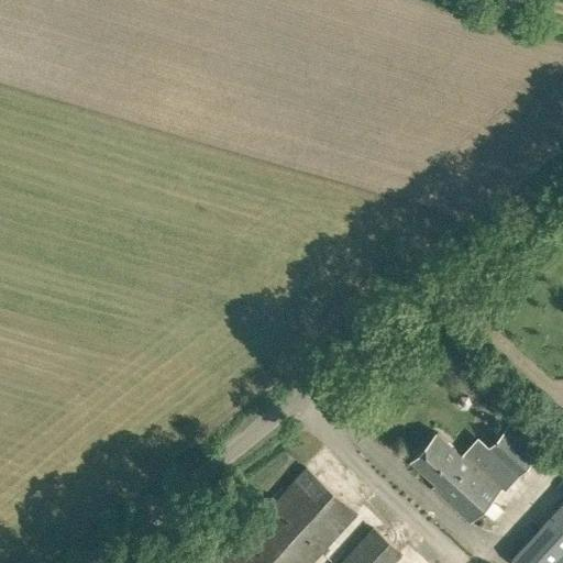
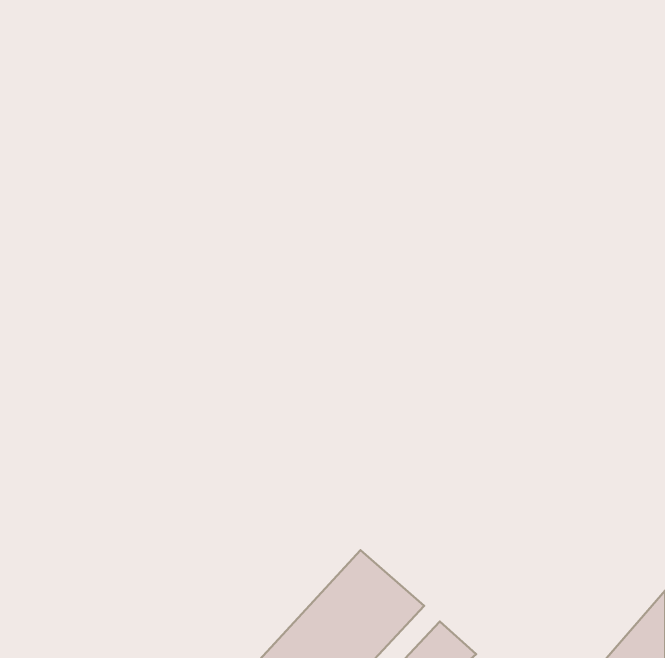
building: [486,428,540,483] -> none
building: [411,435,504,527] -> none

